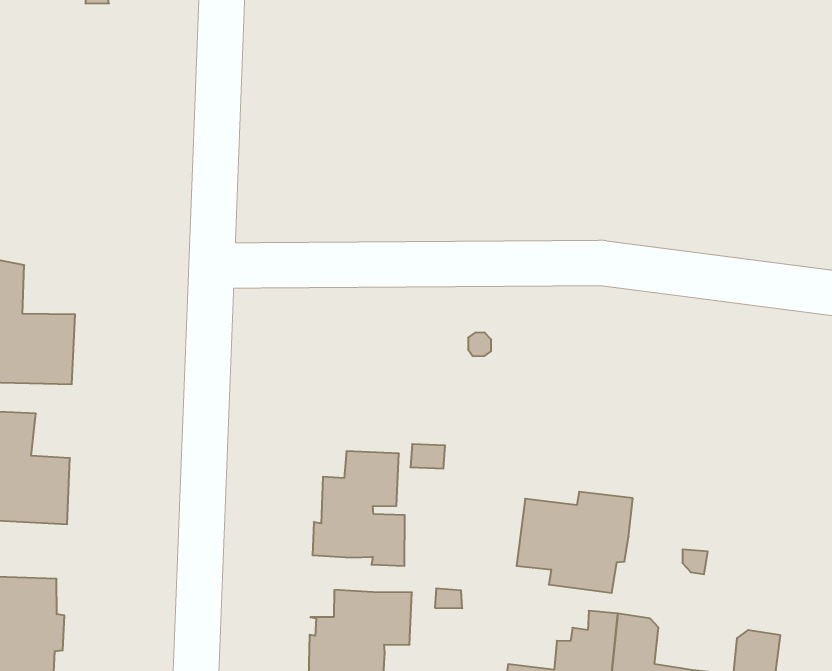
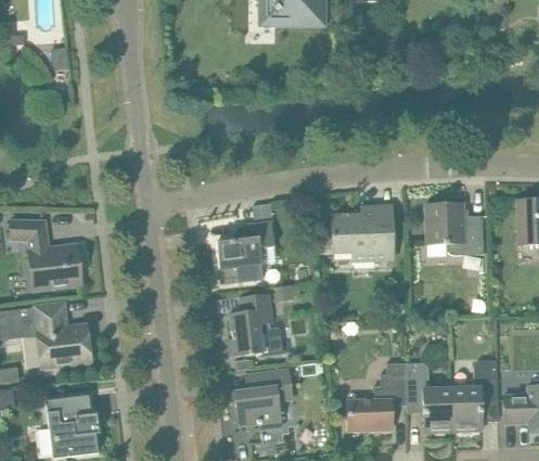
building: none -> [217,221,274,281]
building: none -> [425,203,484,255]
building: [516,492,633,593] -> [332,205,393,260]

